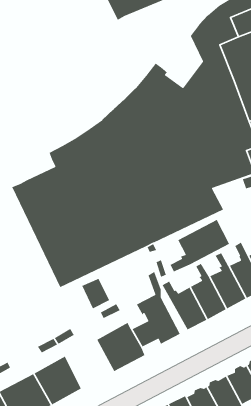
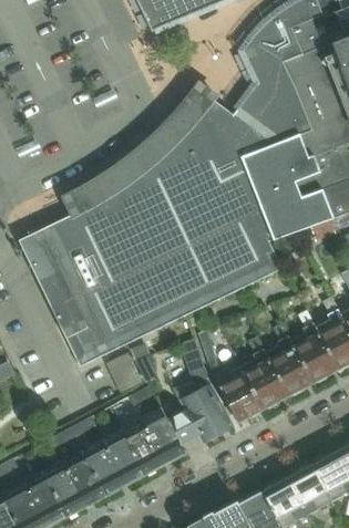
building: [169,219,230,273] -> none
building: none -> [85,432,146,494]

